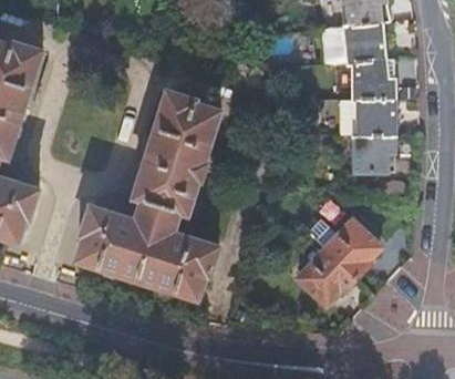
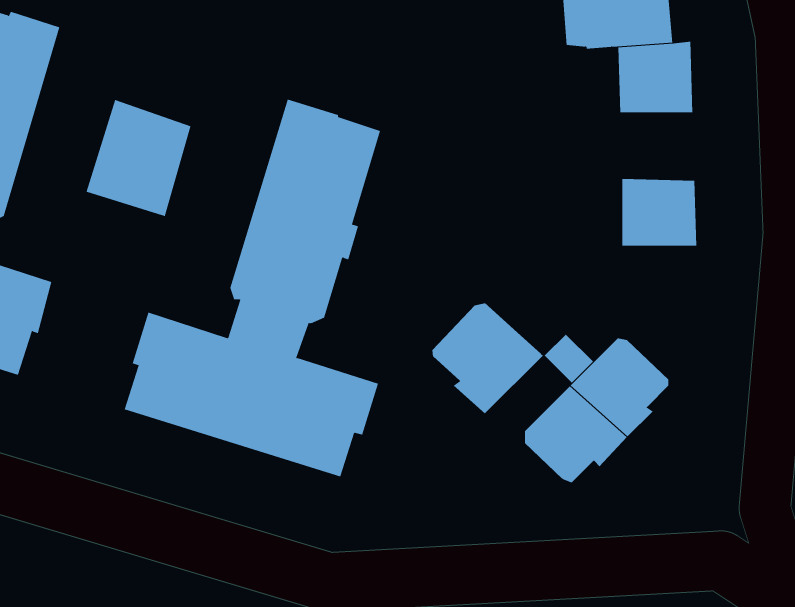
building: none -> [86,99,191,217]
building: [341,98,394,135] -> none
building: none -> [432,303,544,414]

